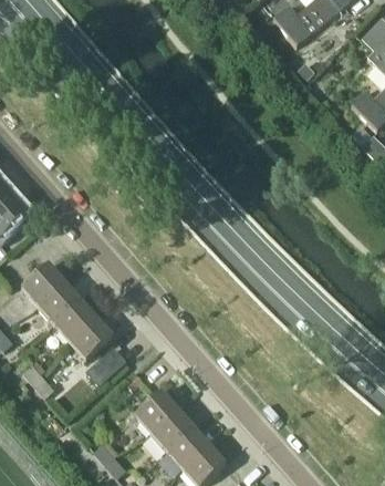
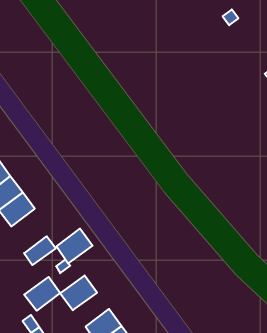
building: [71,318,113,360] -> [57,229,93,263]
building: [152,410,194,451] -> [24,277,60,311]

